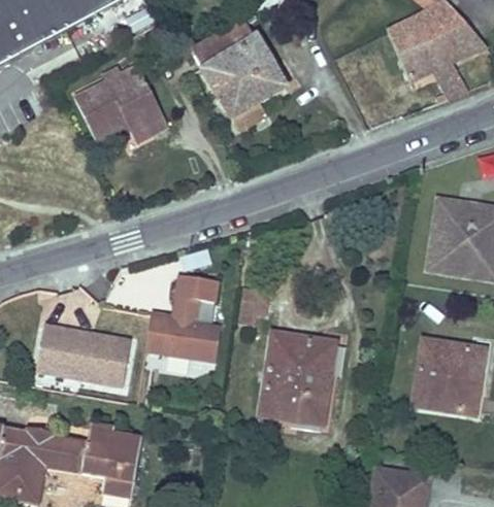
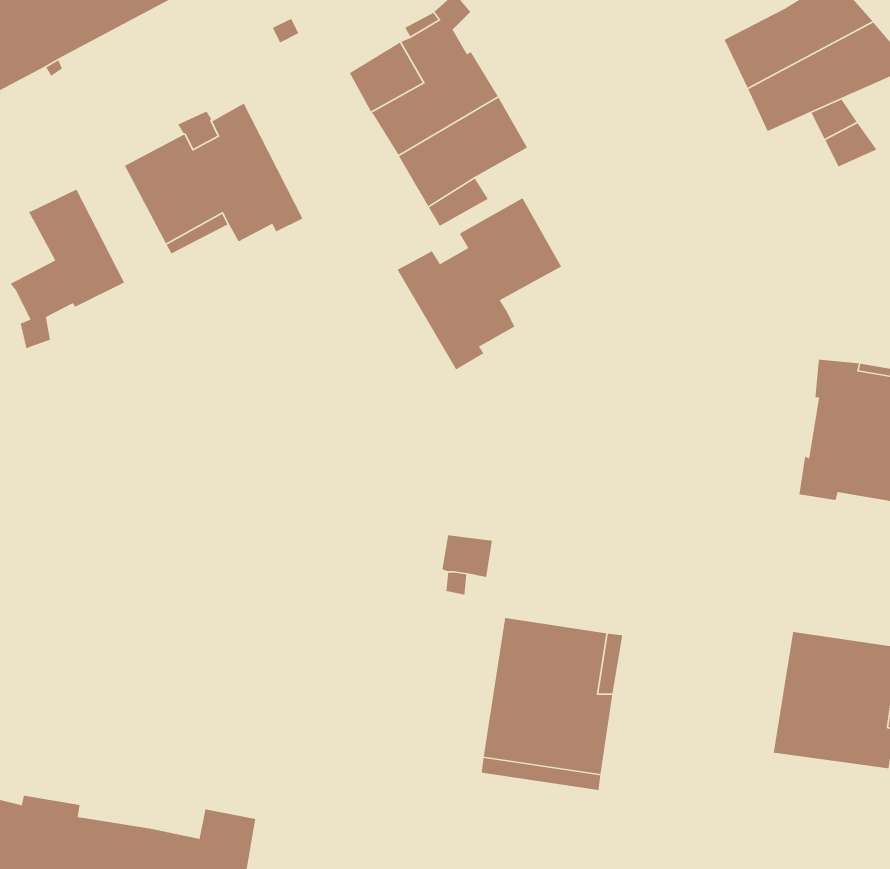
building: none -> [10,188,125,349]
building: none -> [397,197,562,371]
building: [147,272,222,360] -> none
building: [36,319,132,384] -> none

